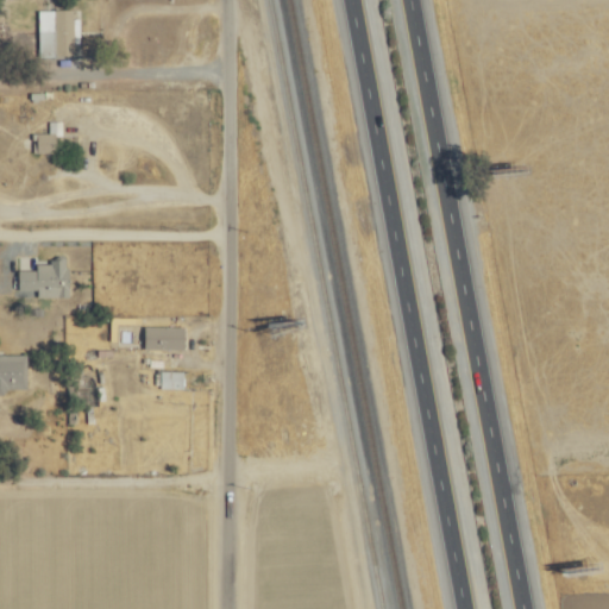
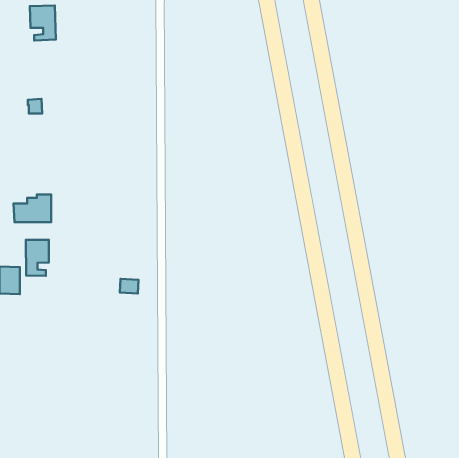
building: none -> [26,240,49,276]
building: [144,326,184,350] -> none

